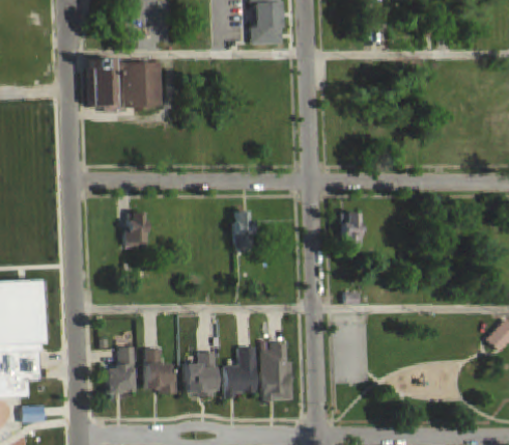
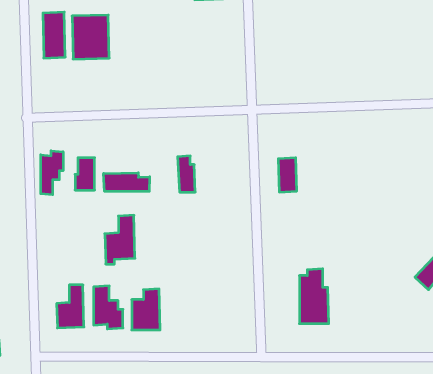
building: none -> [41,151,63,195]
building: none -> [104,173,150,191]
building: [262,342,293,400] -> [299,269,329,324]
building: [224,346,256,398] -> [105,215,135,264]

